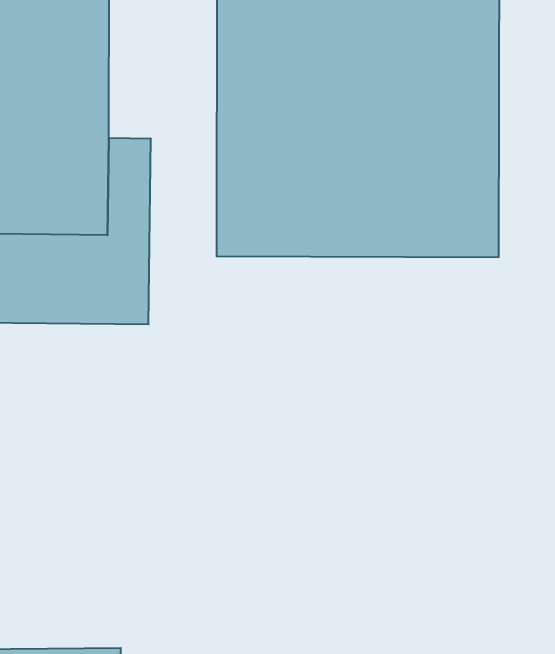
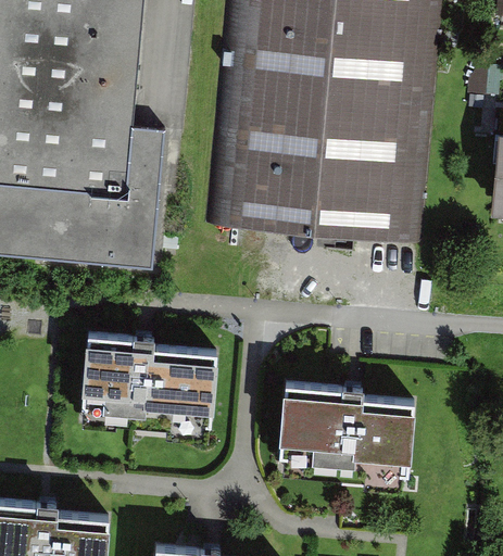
building: none -> [72,328,216,421]
building: none -> [272,379,416,464]

